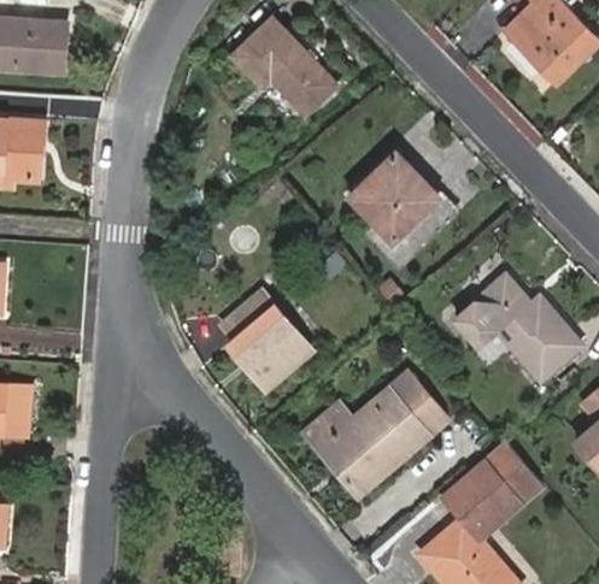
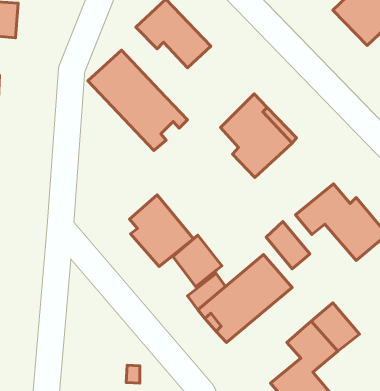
building: none -> [88,50,187,151]
building: none -> [266,222,310,269]
building: none -> [173,235,222,287]

